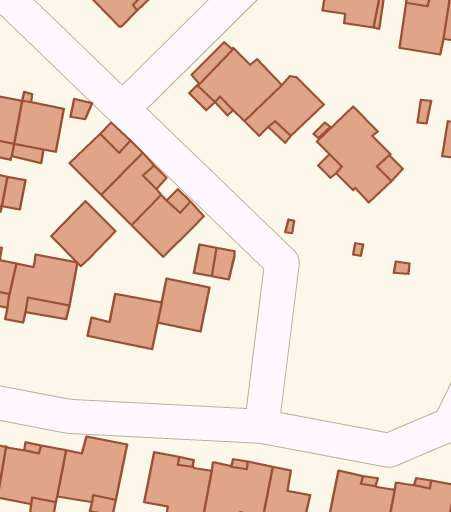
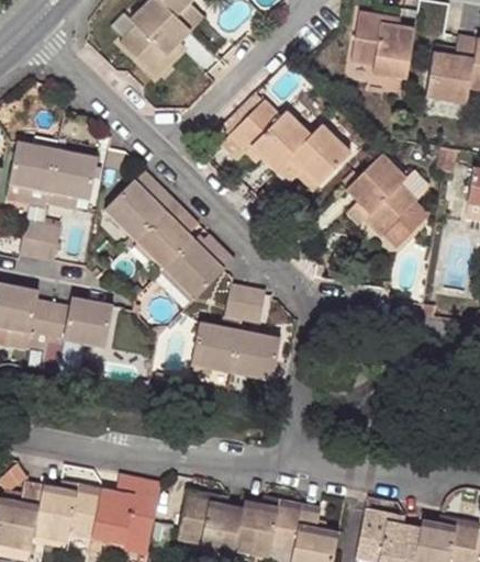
building: [51,201,115,266] -> none
building: none -> [232,330,281,381]
building: [88,294,162,349] -> none

